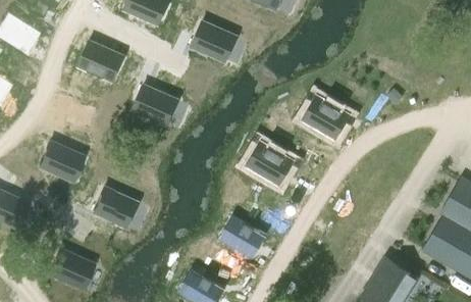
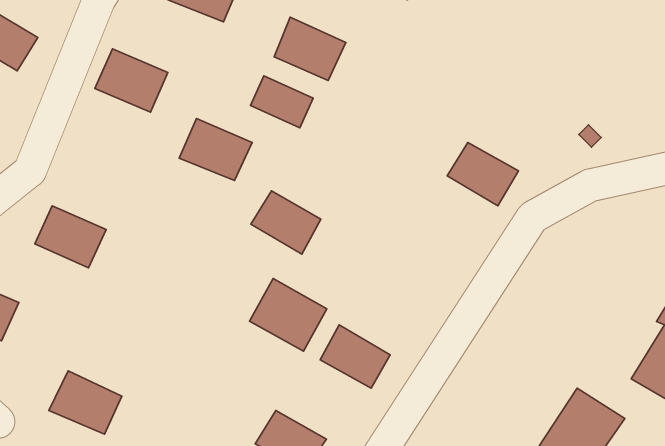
building: none -> [251,76,313,128]
building: [248,147,293,188] -> [251,191,321,254]
building: [93,187,140,228] -> none
building: none -> [250,278,327,351]

